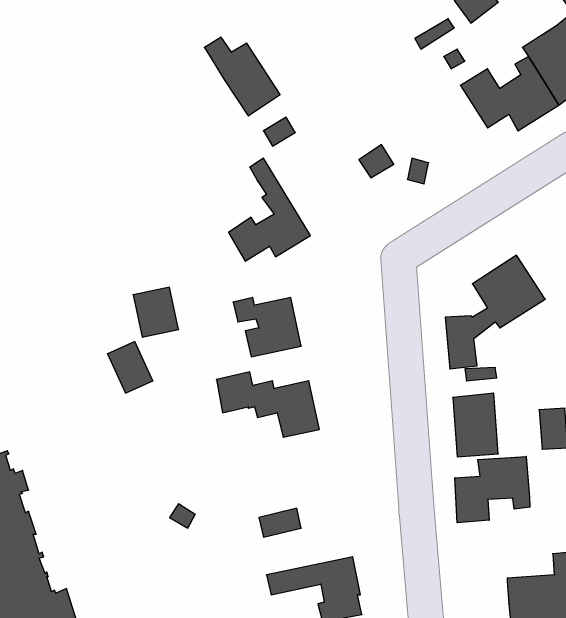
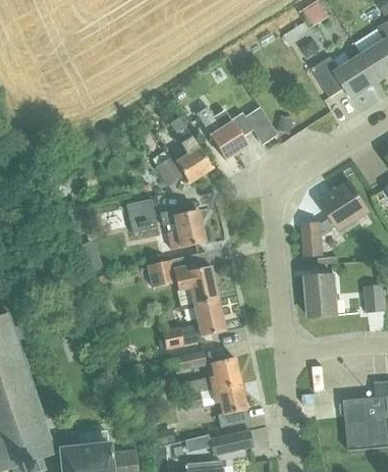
building: [204,37,280,116] -> [197,105,247,158]
building: [133,287,179,337] -> [126,198,157,231]
building: none -> [162,298,225,349]
building: [455,456,530,523] -> none
building: none -> [180,357,240,396]

